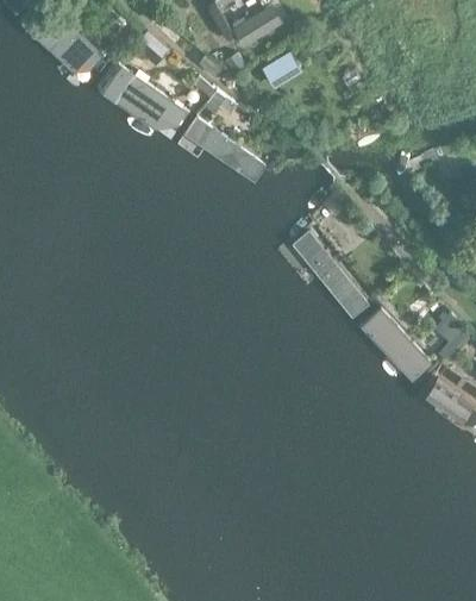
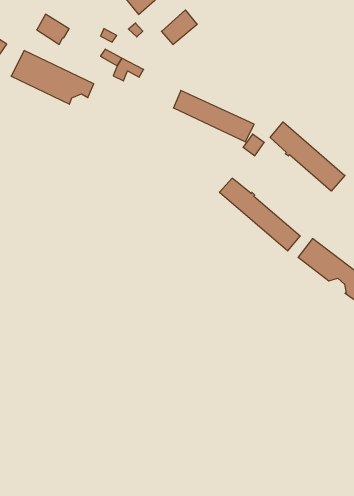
building: [187,119,267,183] -> [173,90,254,142]
building: none -> [270,122,345,191]

